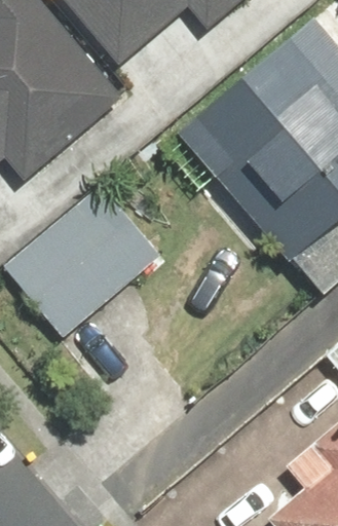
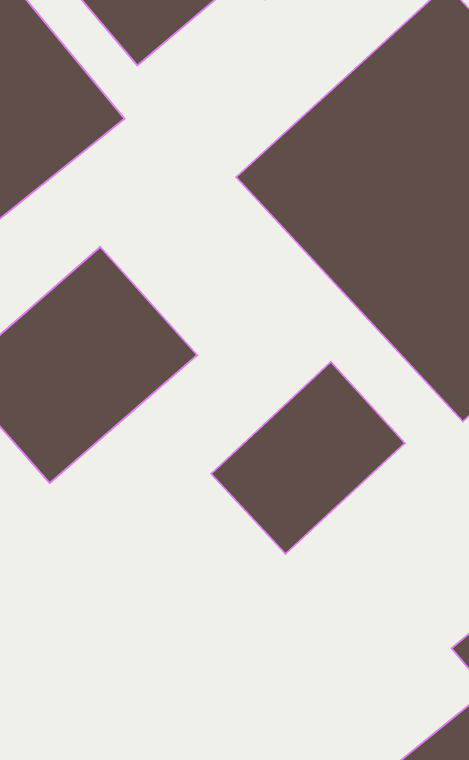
building: none -> [211,362,405,554]

